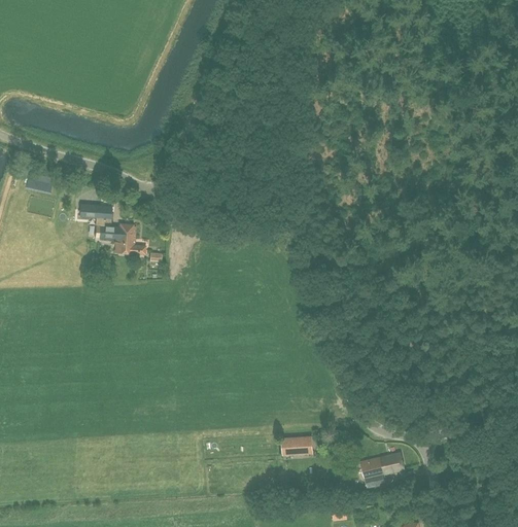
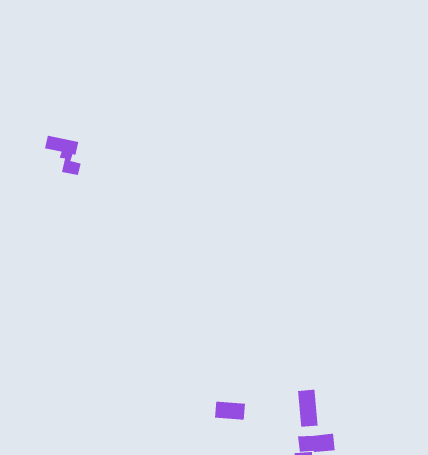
building: [114,223,146,253] -> none
building: none -> [297,389,318,428]

